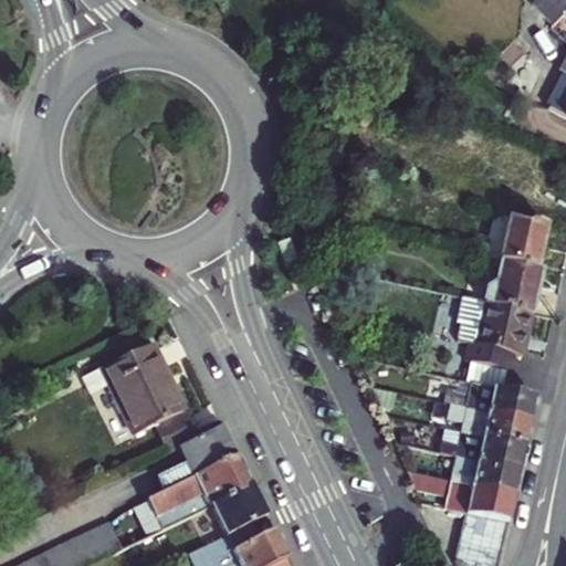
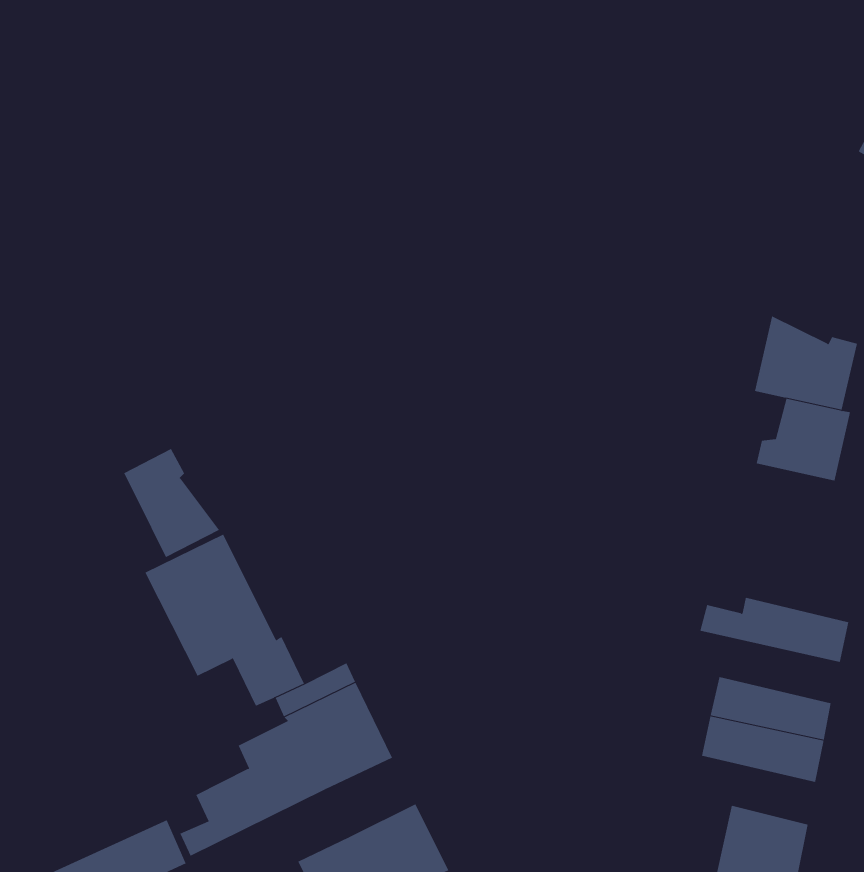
building: none -> [124,448,220,558]
building: [457,294,532,367] -> none
building: [459,408,535,449] -> none
building: [442,482,520,525] -> none
building: [212,483,269,533] -> none

